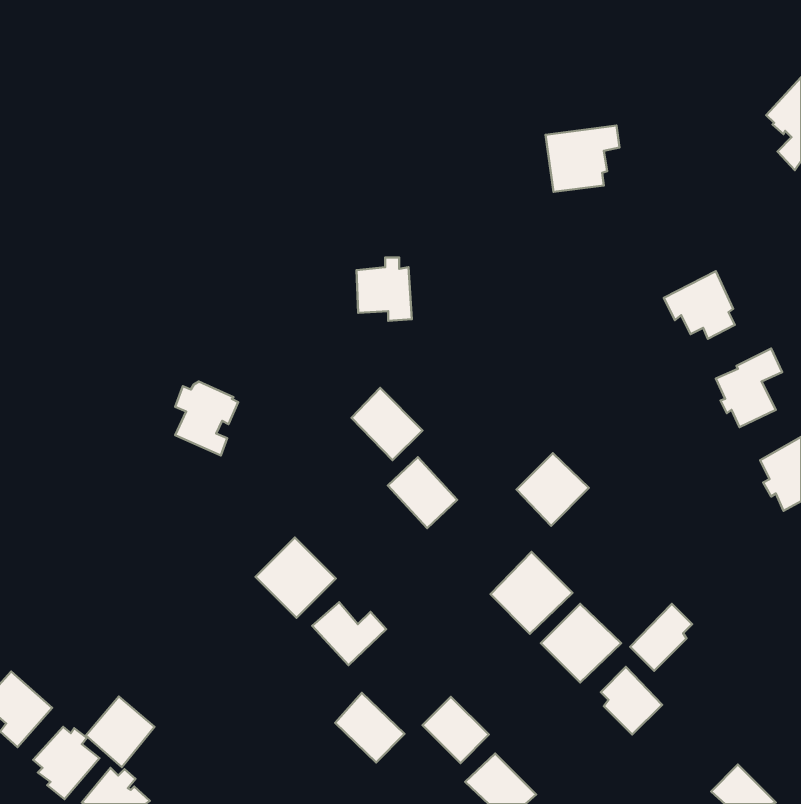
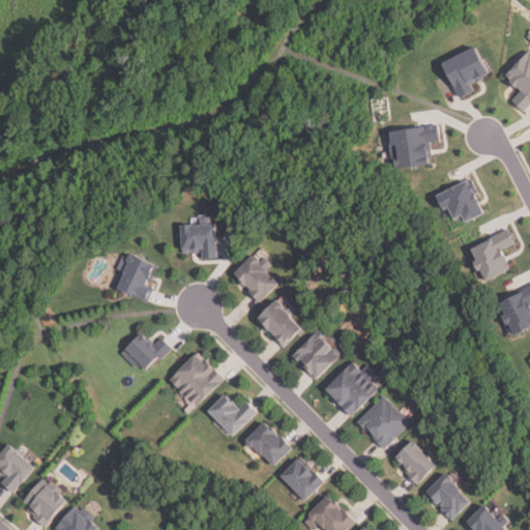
building: none -> [441,48,487,99]
building: [546,126,620,192] -> [389,125,438,169]
building: [357,258,412,321] -> [180,214,216,256]
building: [516,453,589,526] -> [291,331,338,379]
building: none -> [119,330,172,369]
building: [630,604,692,671] -> none
building: [335,693,404,762] -> [243,421,289,467]
building: [86,697,155,767] -> none
building: none -> [423,475,468,520]

